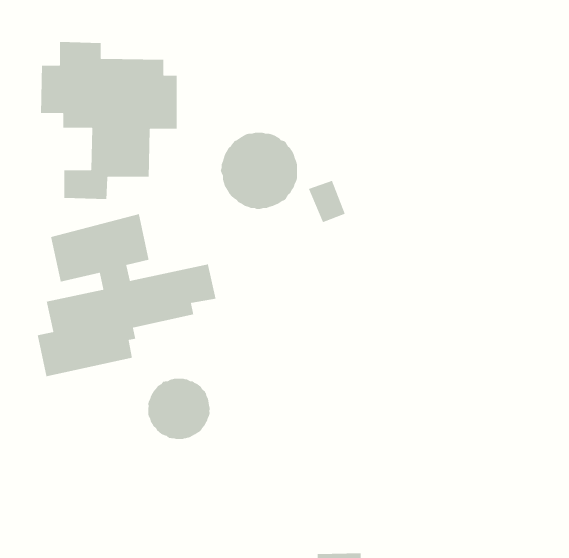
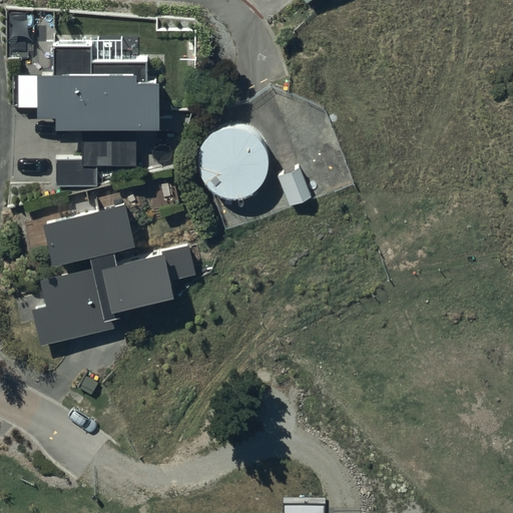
building: [147,378,210,440] -> none

